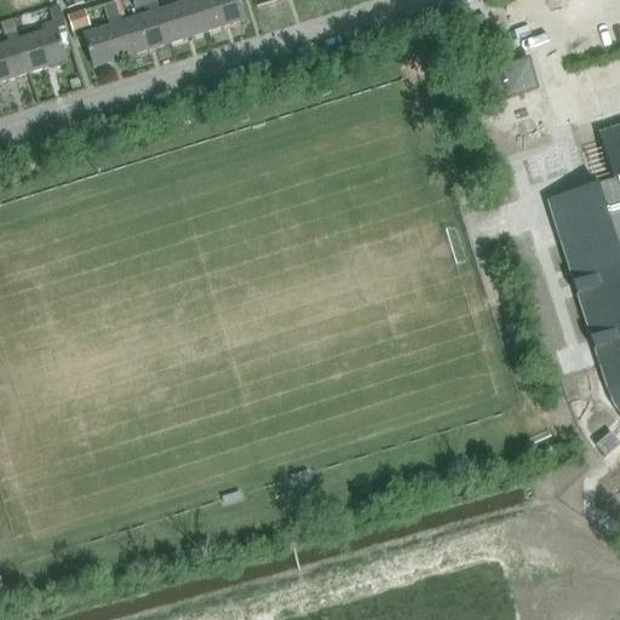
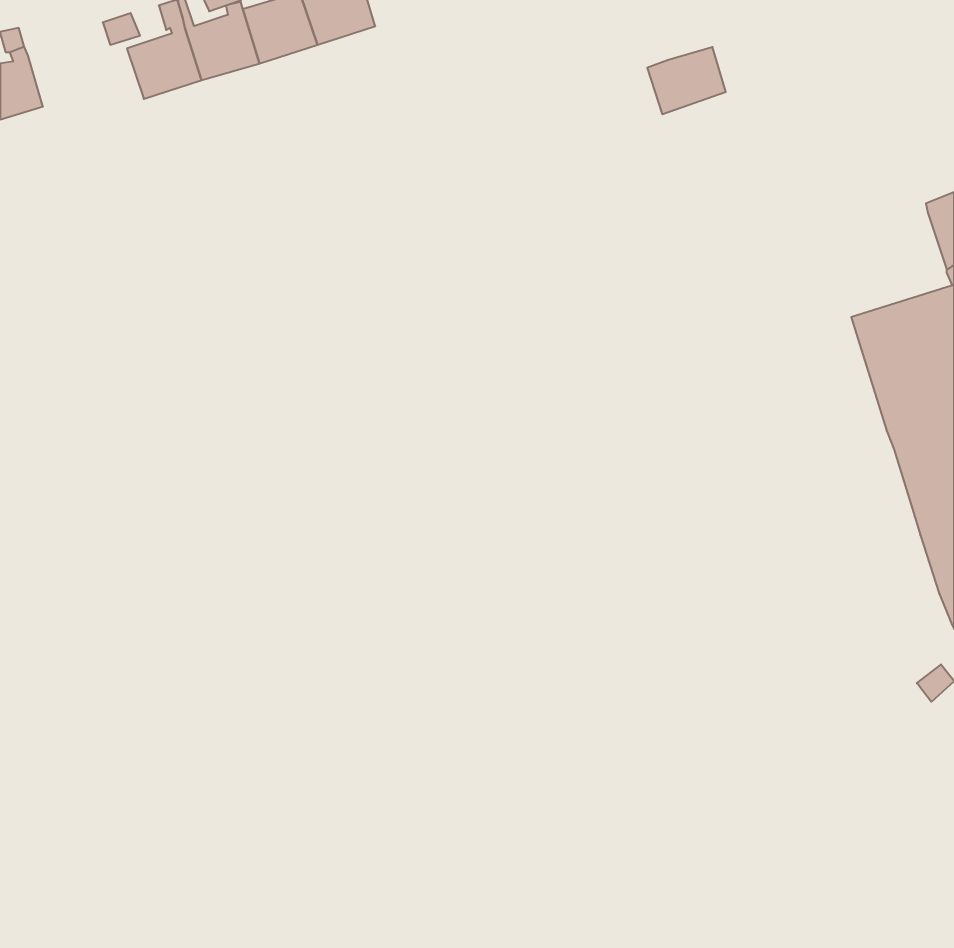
building: [18,19,65,69] -> none
building: [484,57,535,101] -> [647,47,726,114]

